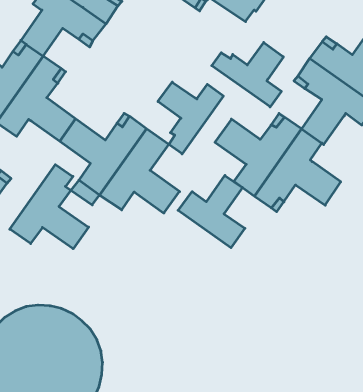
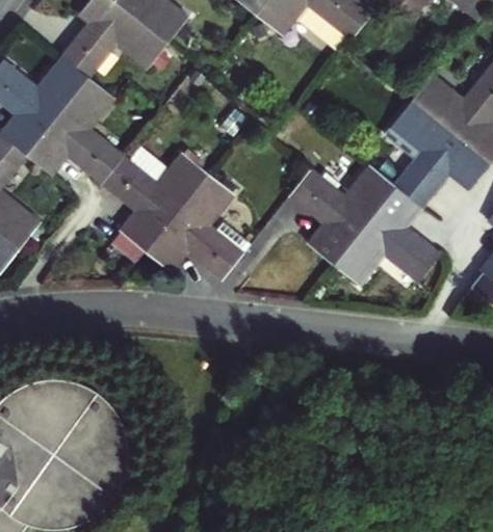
building: [212,42,283,107] -> none
building: [158,82,223,154] -> none
building: [10,165,89,249] -> none
building: [178,175,245,248] -> none

